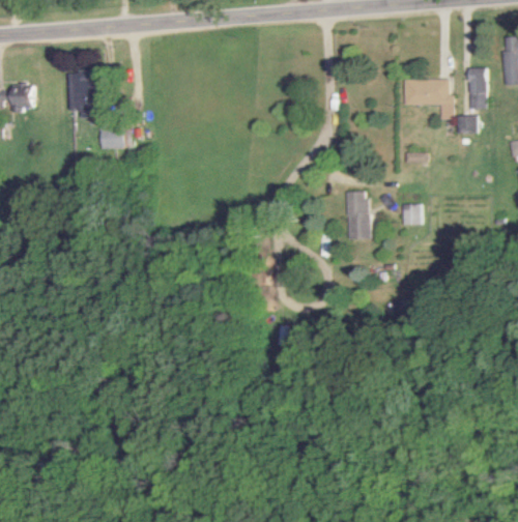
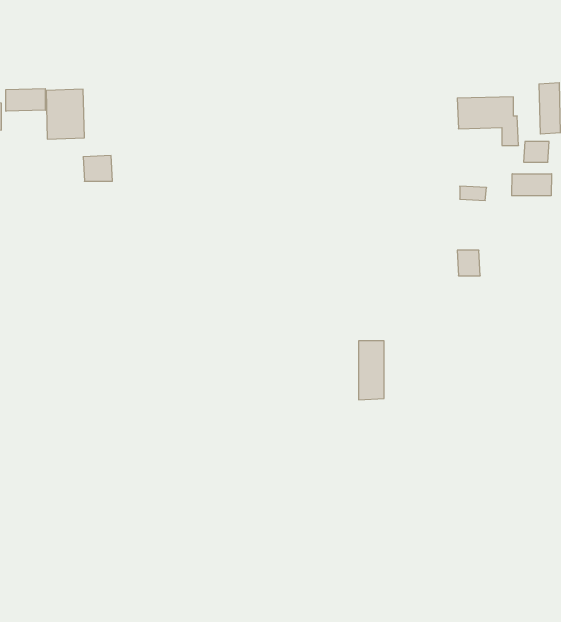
building: none -> [6,89,45,111]
building: none -> [512,174,552,196]
building: [347,192,368,239] -> [359,341,384,400]

